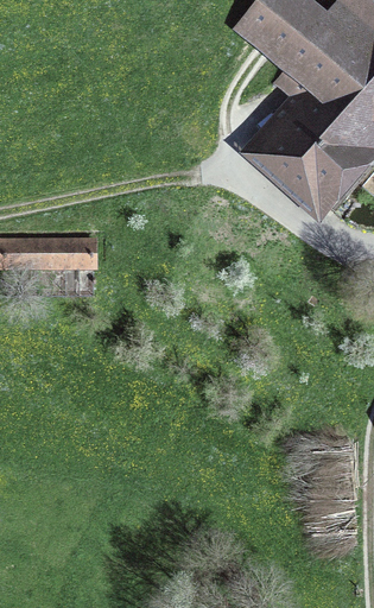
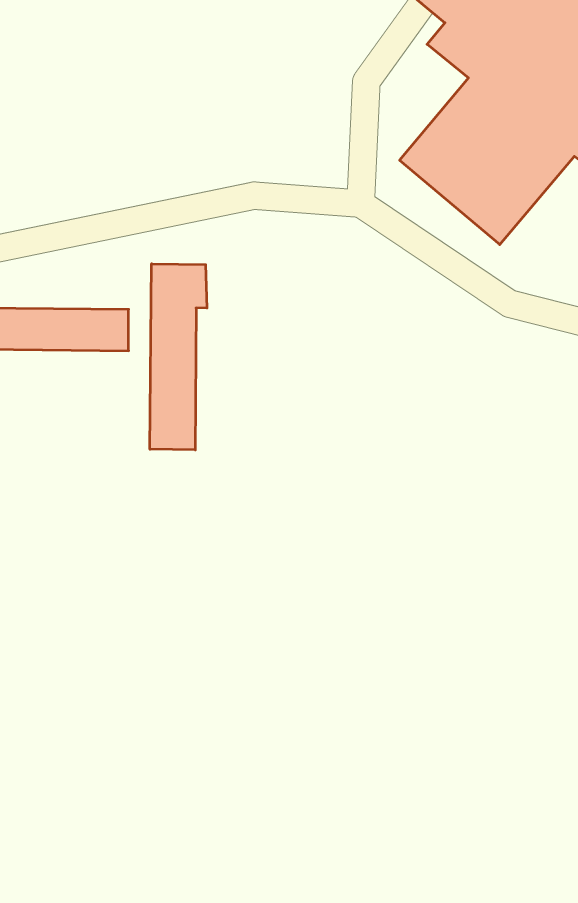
building: none -> [150,264,207,450]

